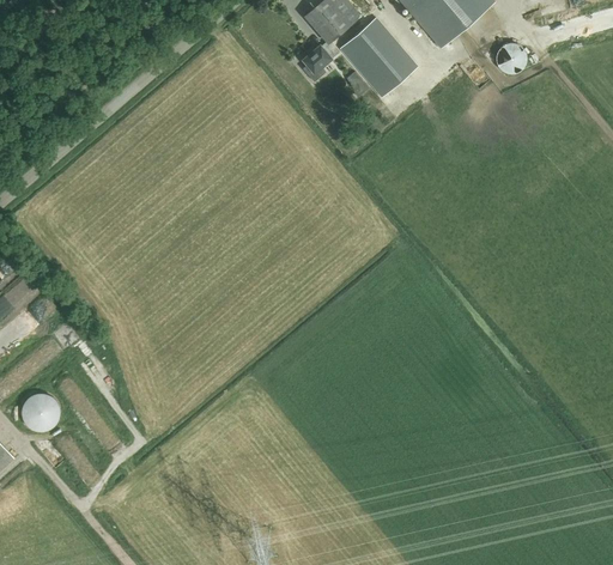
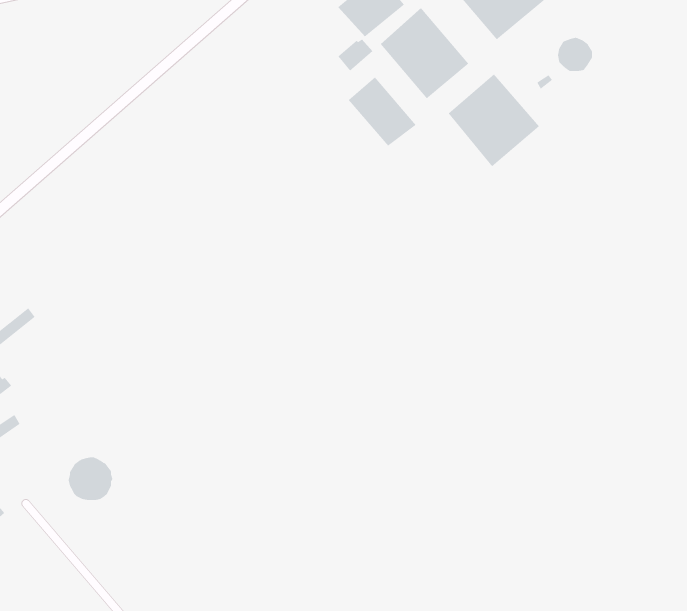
building: none -> [448,74,540,167]
building: none -> [348,76,417,147]
building: [19,393,59,431] -> [68,457,113,501]

